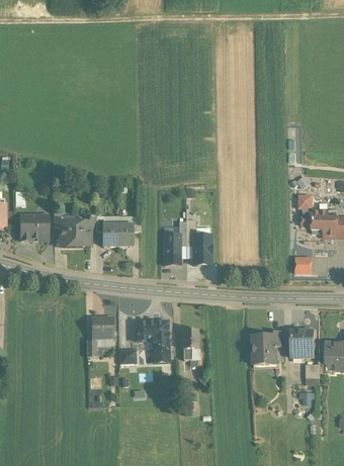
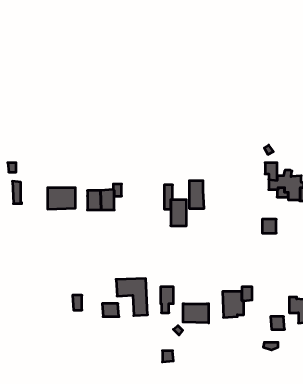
building: [30,215,48,239] -> none
building: [165,235,181,265] -> [189,181,204,208]
building: [92,317,113,338] -> none
building: [289,330,312,356] -> none
building: none -> [183,304,209,323]

